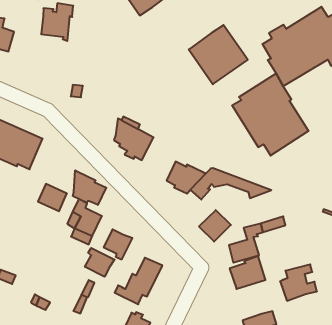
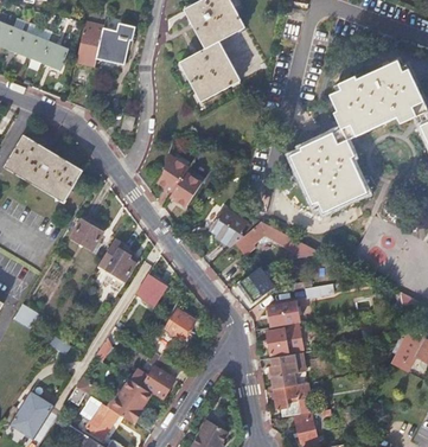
building: none -> [75,25,102,66]
building: [189,25,248,84] -> [178,41,239,103]
building: [73,170,106,205] -> none
building: [85,248,115,277] -> none
building: [280,264,317,301] -> [268,352,306,388]

